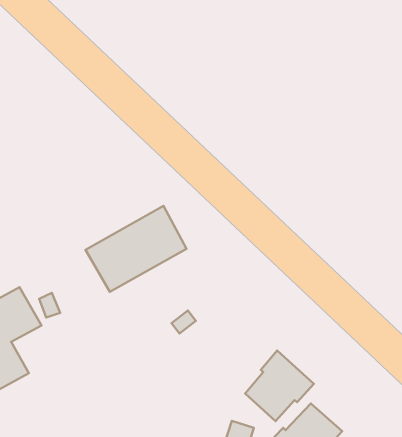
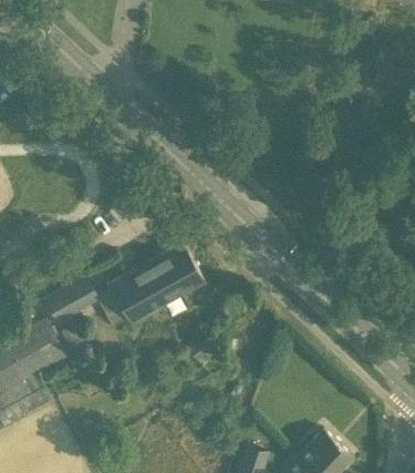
building: none -> [42,278,98,328]
building: [245,351,314,421] -> none

